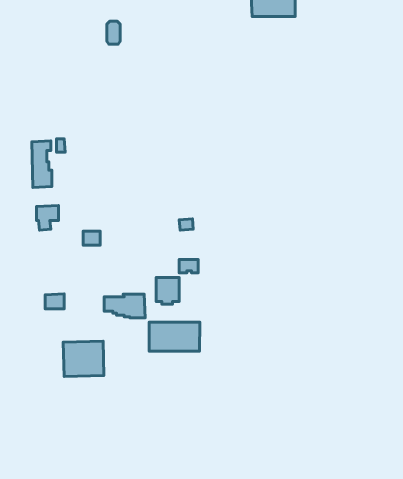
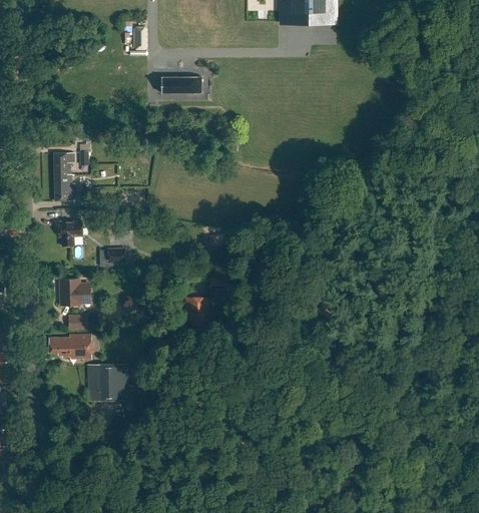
building: none -> [161,77,201,92]
building: none -> [60,279,90,305]
building: [104,294,145,318] -> [49,335,92,360]
building: [149,322,200,351] -> none

